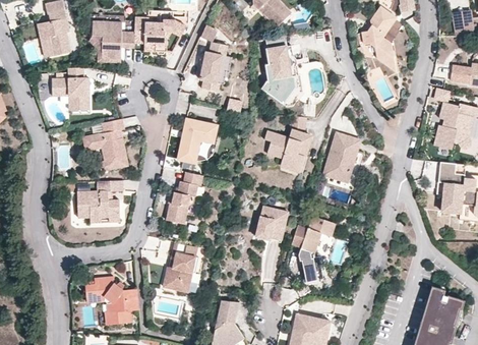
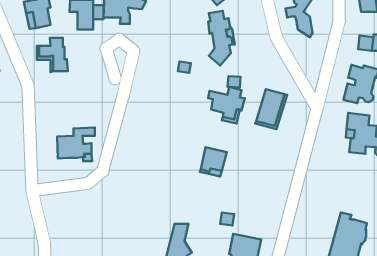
building: [199,42,228,83] -> none
building: [80,119,127,172] -> none
building: [178,119,217,164] -> none
building: [165,172,202,224] -> none
building: [292,214,337,281] -> none
building: [165,242,198,293] -> none
building: [84,278,137,325] -> none

